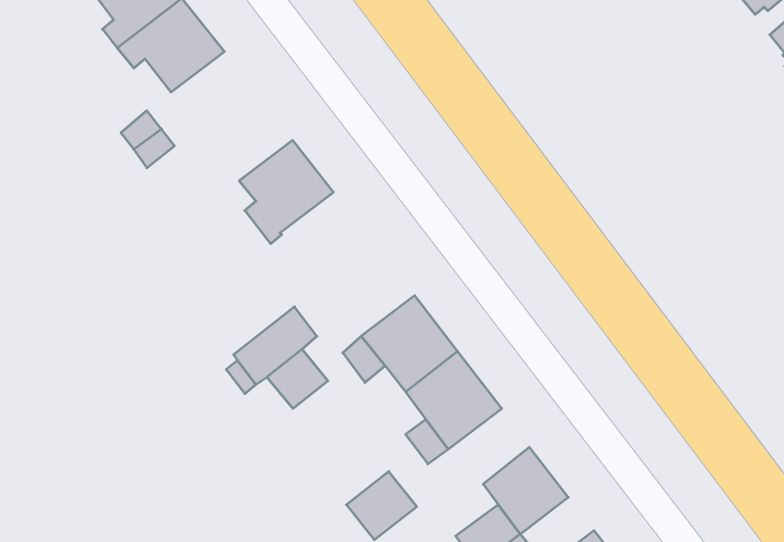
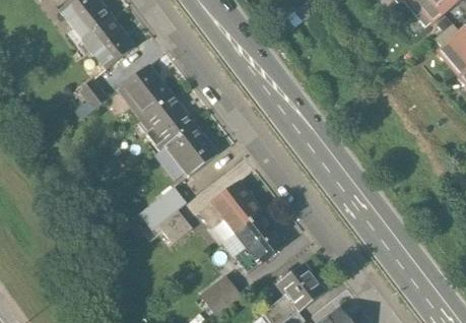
building: none -> [121,65,173,117]
building: none -> [165,123,218,175]

